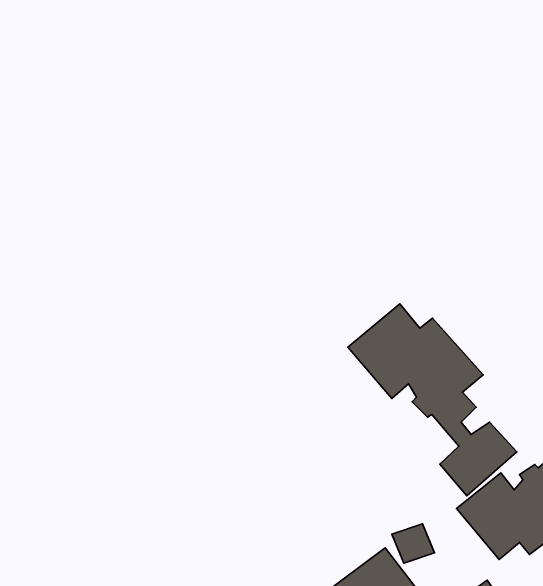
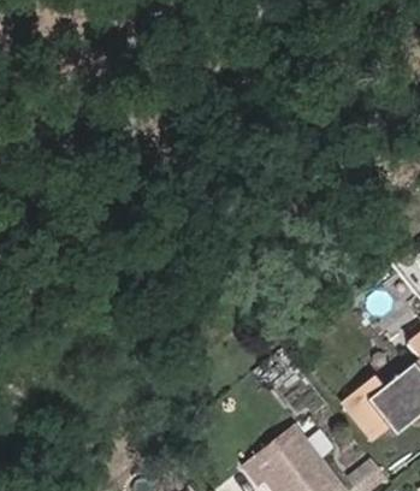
building: [348,304,517,496] -> none

